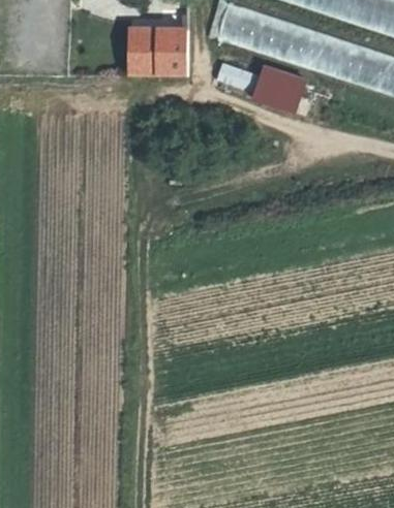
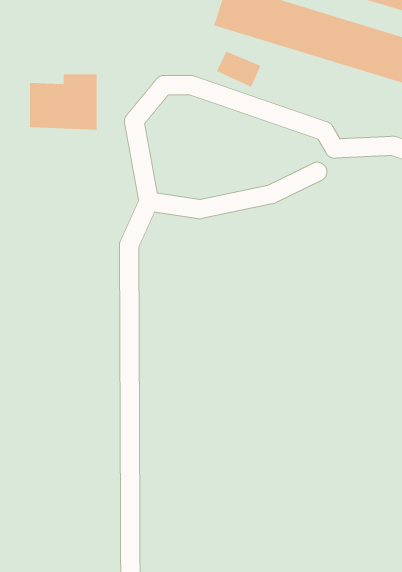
building: [130,28,187,75] -> [29,74,97,130]
building: [250,64,302,113] -> none

